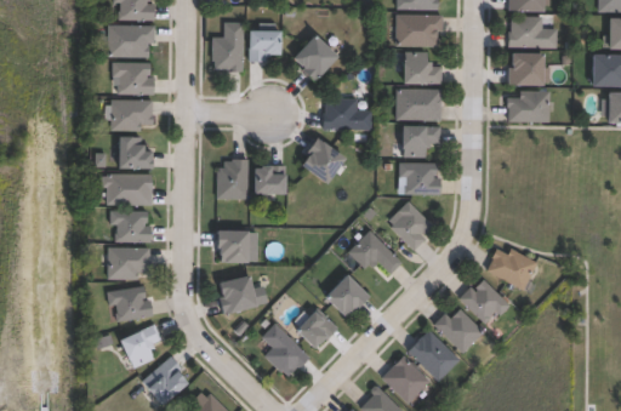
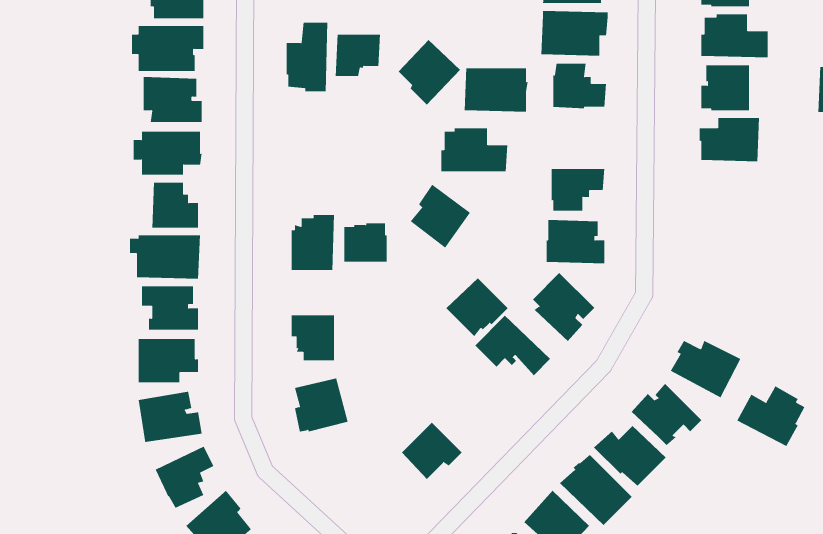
building: [397,89,443,120] -> [464,68,528,112]
building: [325,275,370,318] -> [446,278,508,337]
building: none -> [737,385,805,447]
building: [262,322,310,376] -> none

